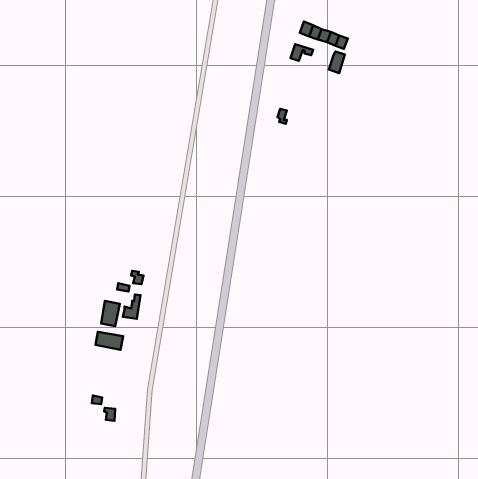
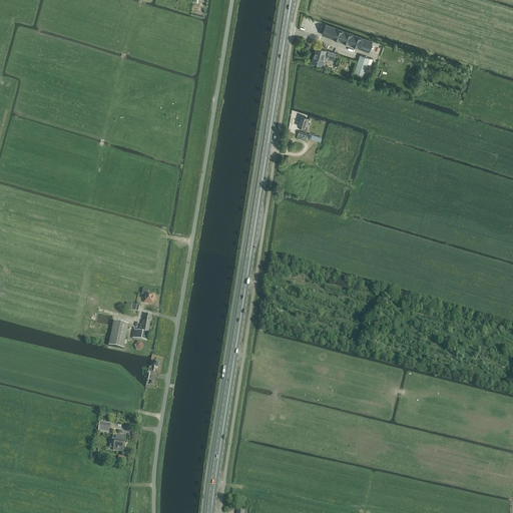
building: [95,332,123,350] -> none

